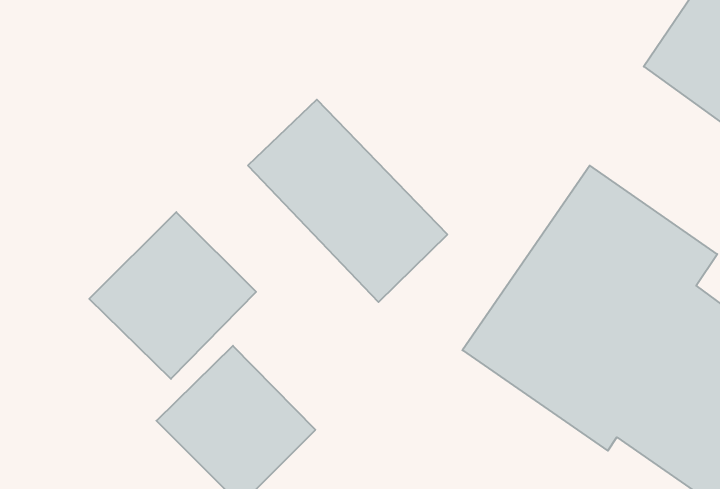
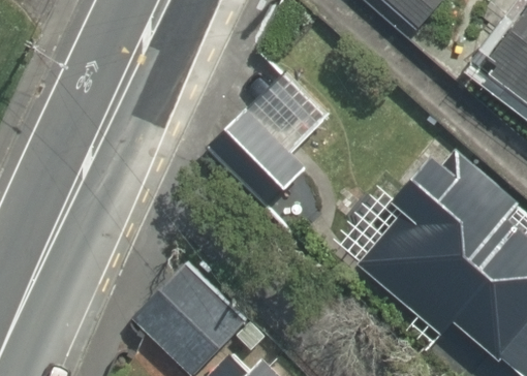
building: [89,212,256,379] -> none

